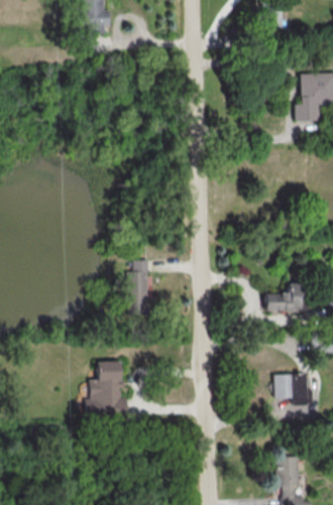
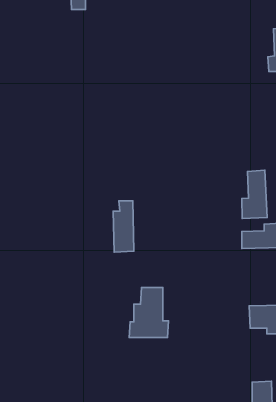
building: none -> [242,170,267,219]
building: [86,361,128,415] -> [129,287,168,338]

